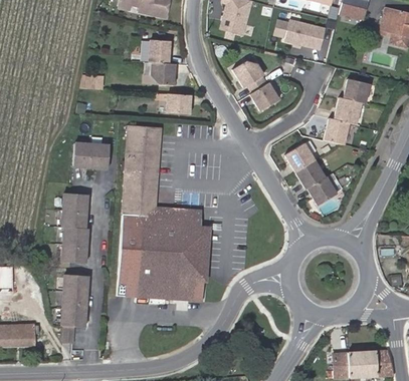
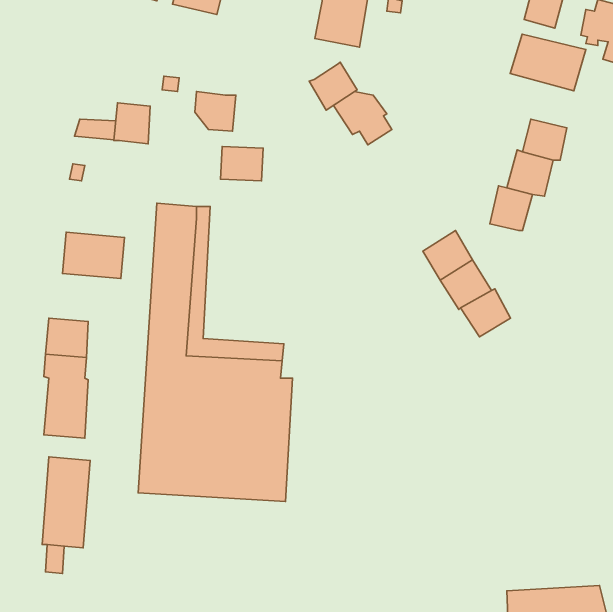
building: [284,18,329,51] -> [510,34,586,91]
building: [149,39,170,63] -> [114,103,150,144]
building: [249,82,277,110] -> [309,62,357,110]

